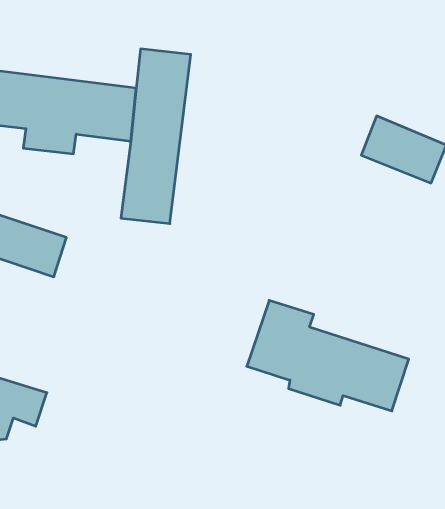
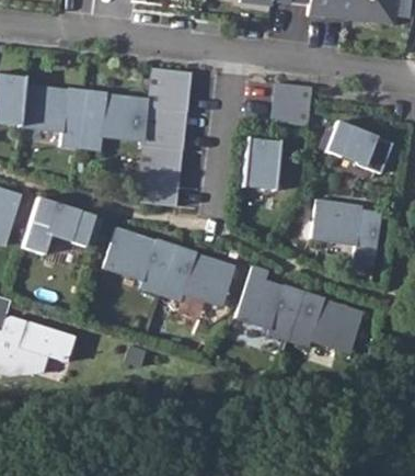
building: none -> [270,82,312,124]
building: none -> [241,138,279,190]
building: none -> [312,199,382,268]
building: none -> [104,226,235,306]

